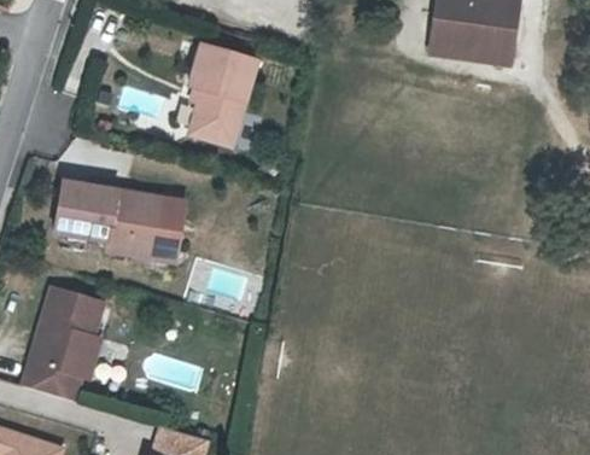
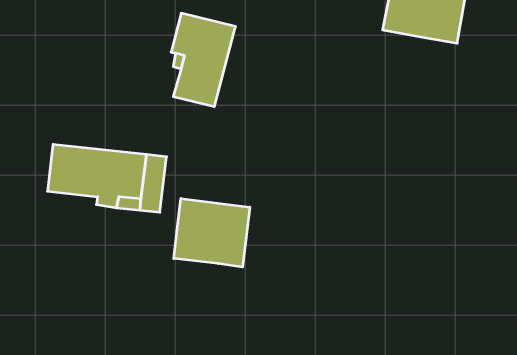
building: none -> [174,198,250,267]
building: [24,288,101,401] -> none

